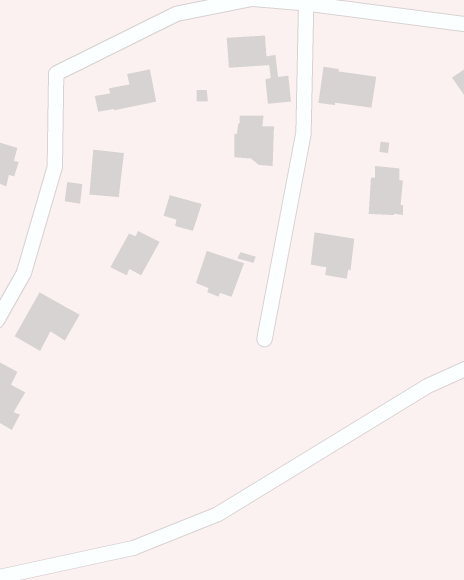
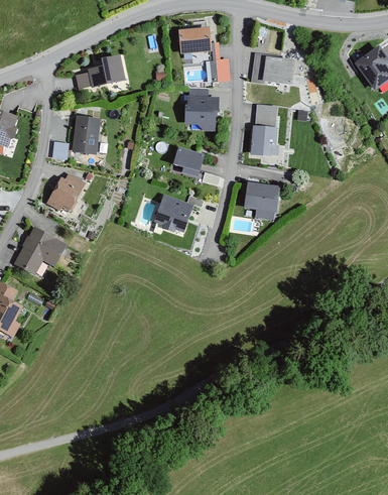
building: [368,165,404,216] -> [250,116,278,155]
building: [163,194,203,232] -> [173,146,205,175]
building: [109,230,161,277] -> [45,174,86,211]

